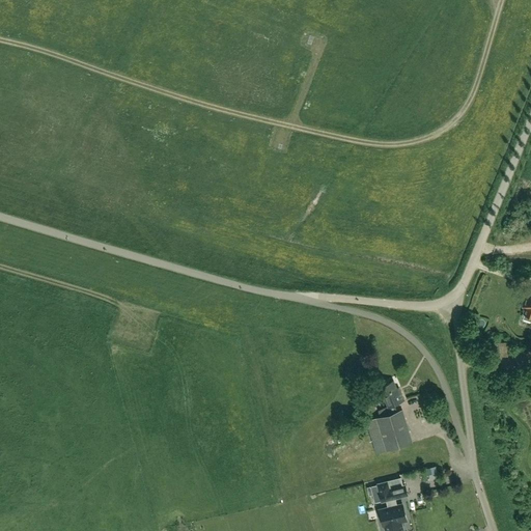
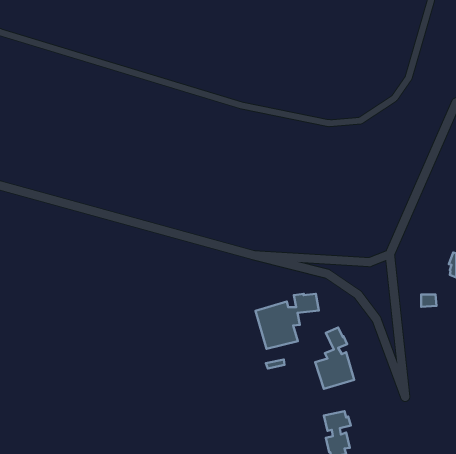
building: none -> [255,294,319,349]

